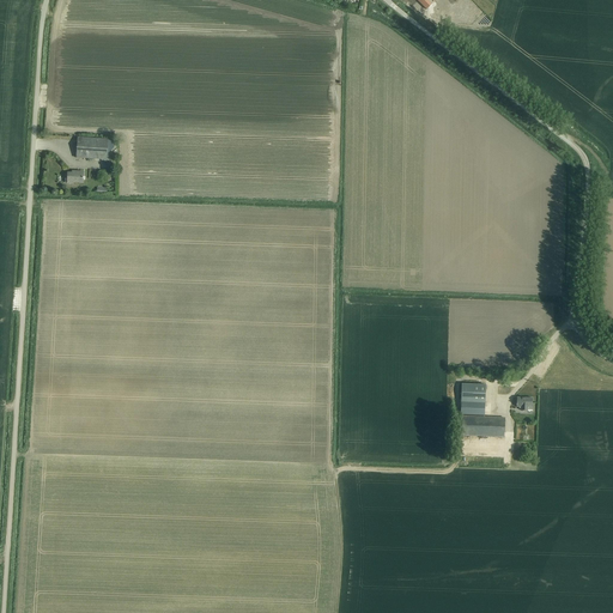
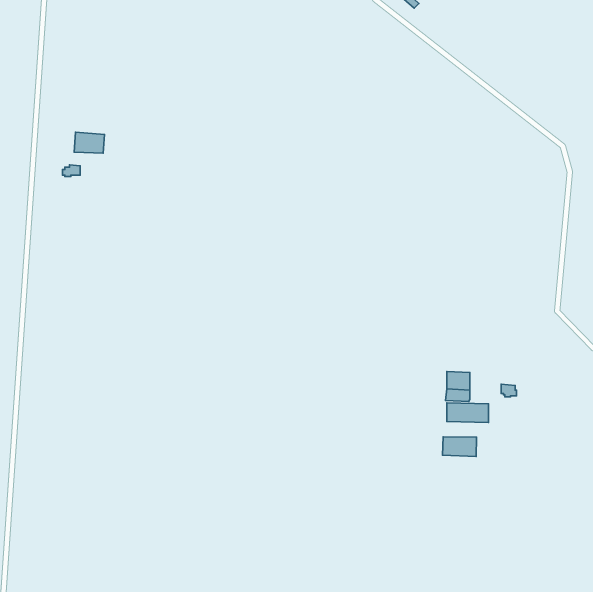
building: none -> [443,437,477,457]

